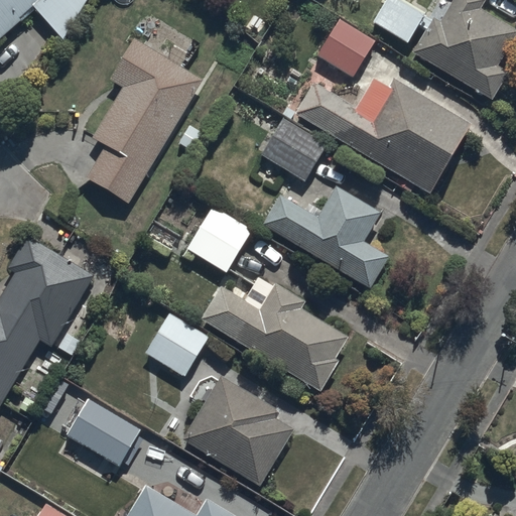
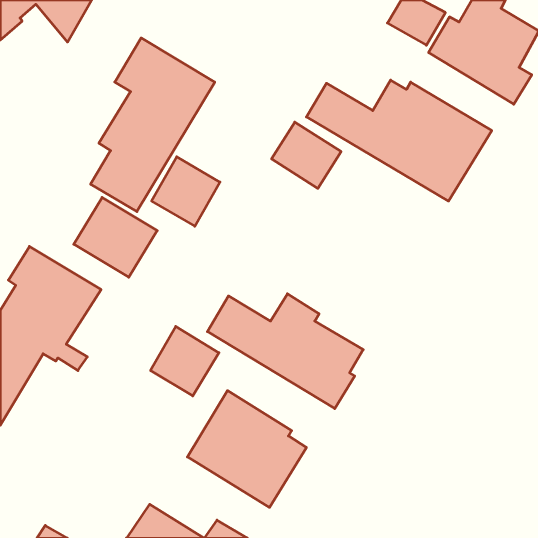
building: [315,18,374,76] -> none
building: [260,184,389,288] -> none
building: none -> [74,197,157,277]
building: [186,206,252,272] -> [152,157,220,226]
building: [66,397,143,468] -> none

